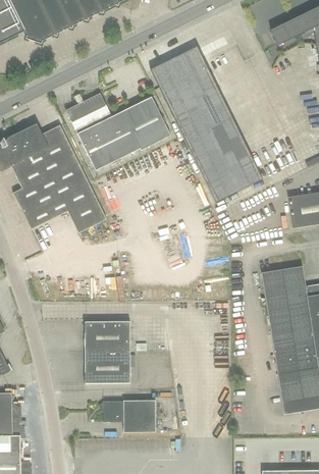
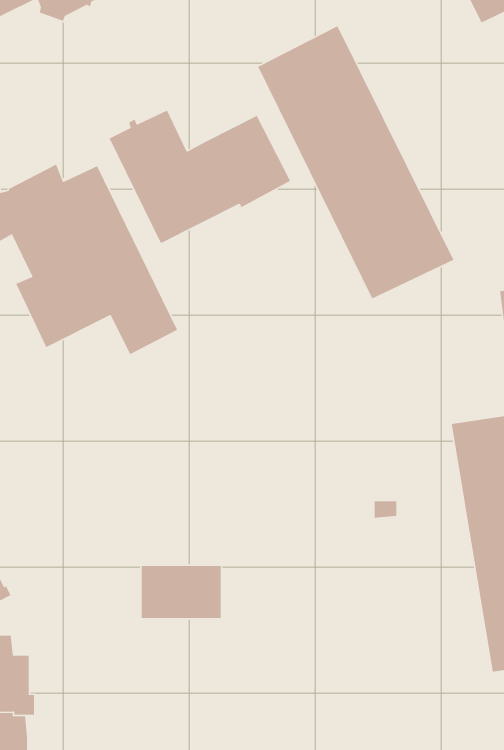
building: [85,321,130,352] -> none
building: [103,400,156,431] -> none

